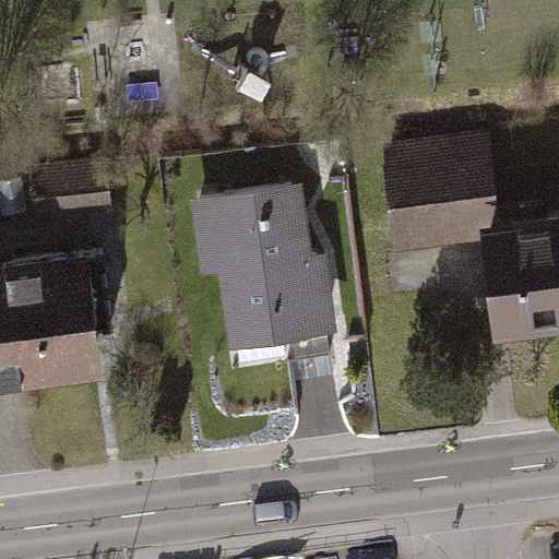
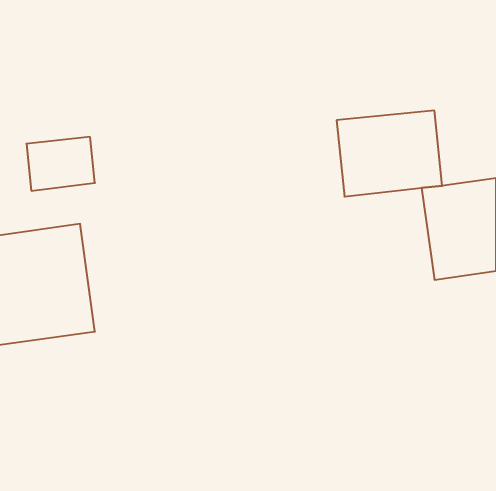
building: [188,187,335,350] -> none

